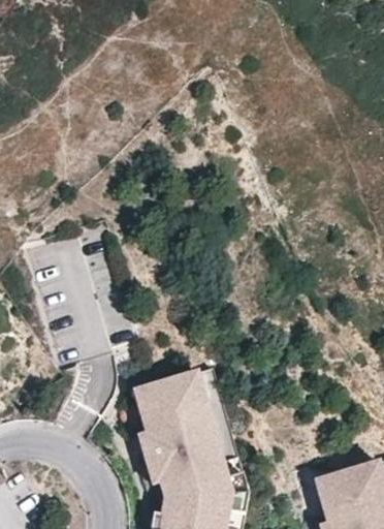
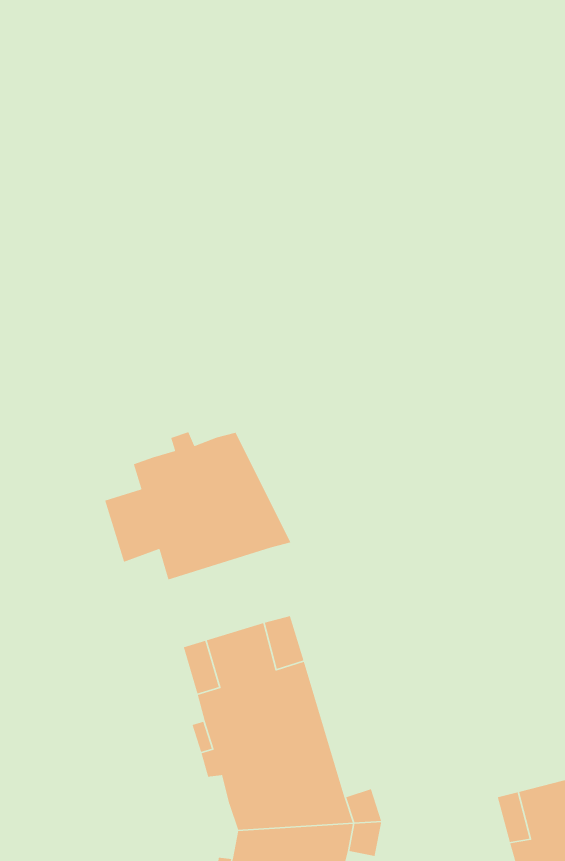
building: none -> [104,431,292,581]

